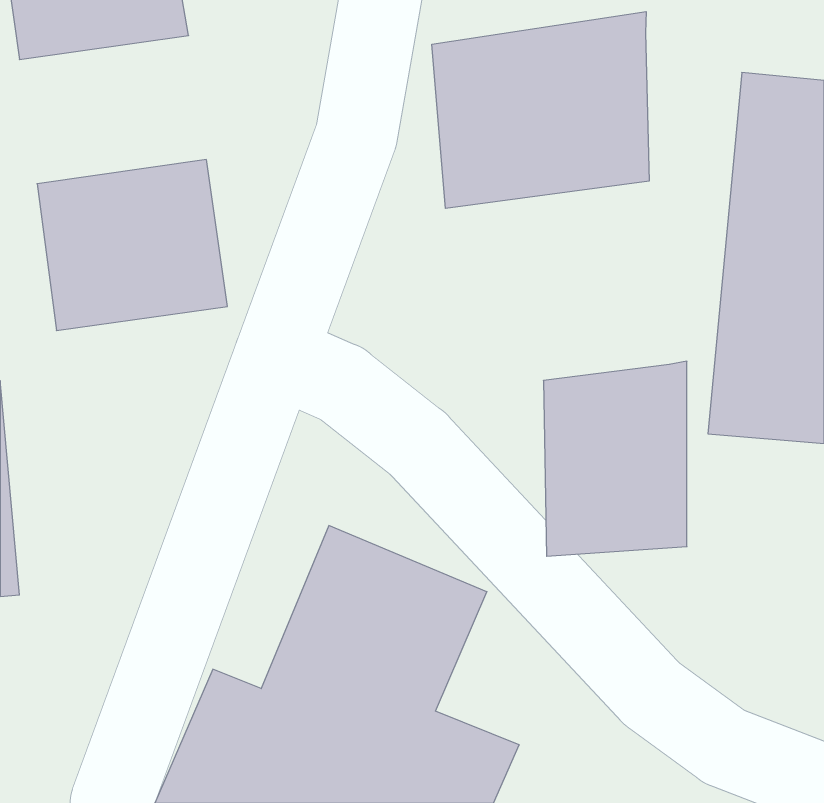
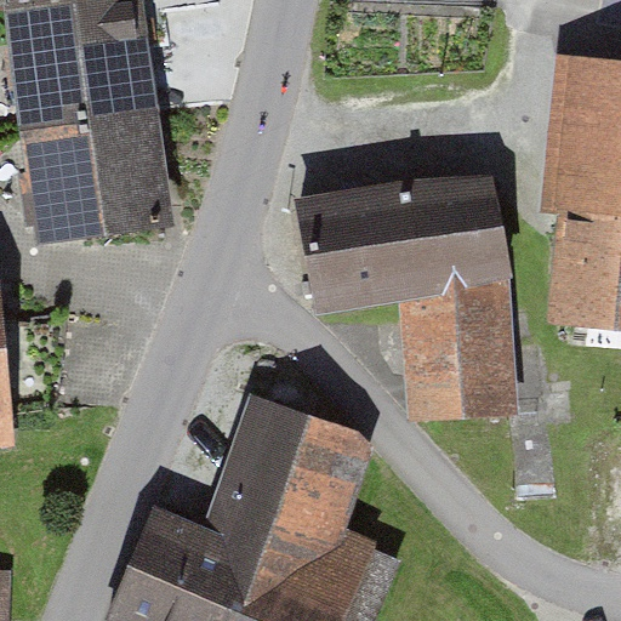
building: [432,12,649,208] -> none
building: none -> [15,27,155,138]
building: none -> [291,176,503,300]

